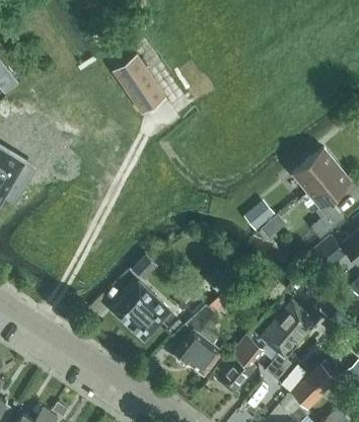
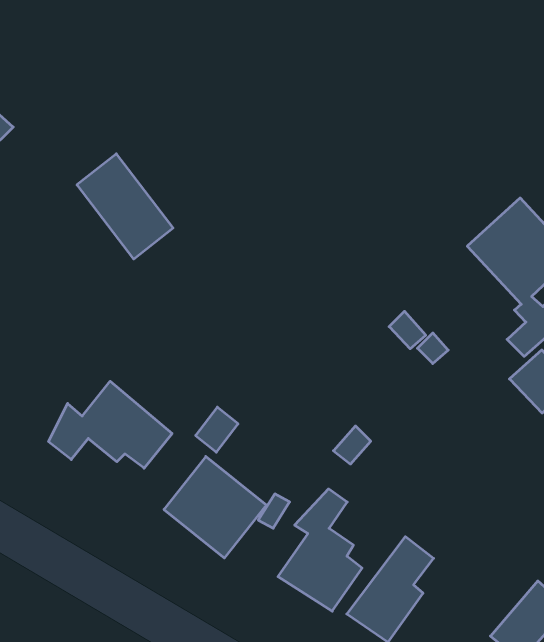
building: [114,54,166,114] -> [77,154,173,259]
building: none -> [49,381,172,468]
building: [261,298,317,379] -> none

